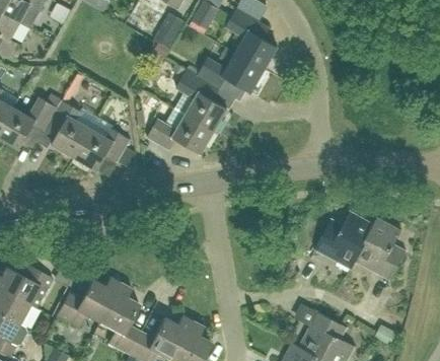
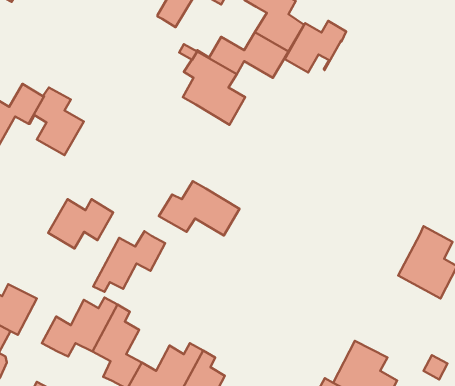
building: none -> [285,21,346,73]
building: [146,109,214,154] -> [159,181,240,235]
building: [75,129,130,170] -> [48,199,113,249]
building: [316,212,374,266] -> none
building: none -> [93,231,165,292]

